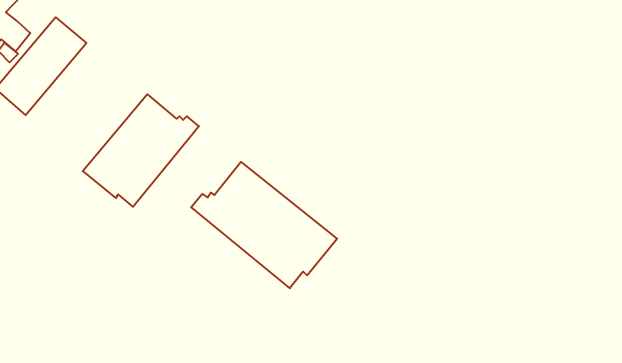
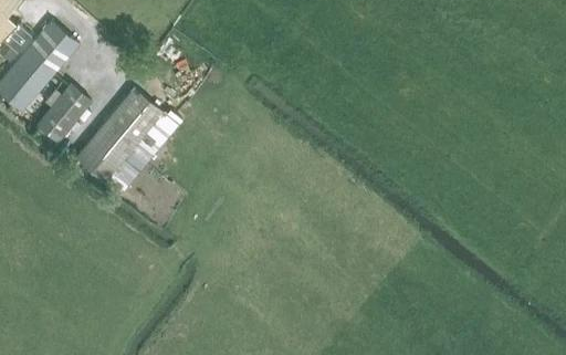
building: none -> [35,84,93,147]
building: [191,162,337,288] -> none

